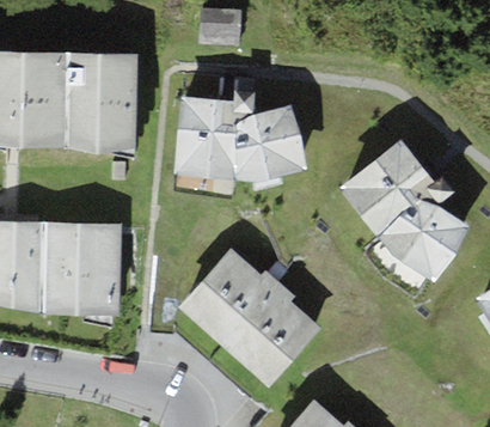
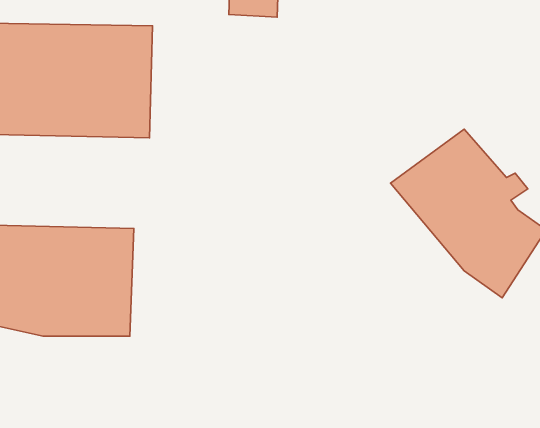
building: [173,91,307,182] -> none
building: [178,245,323,386] -> none

